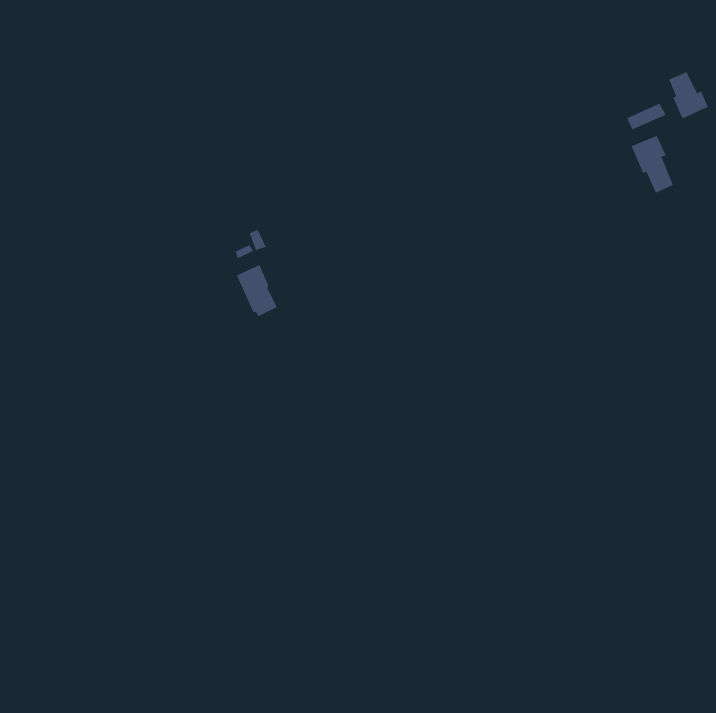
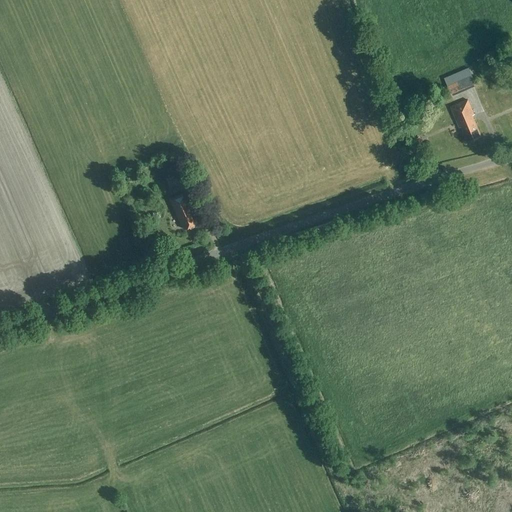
building: [668,71,709,120] -> none

